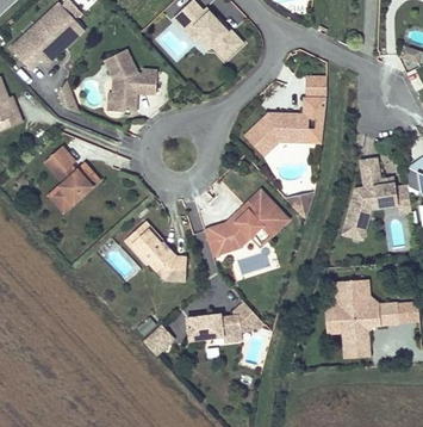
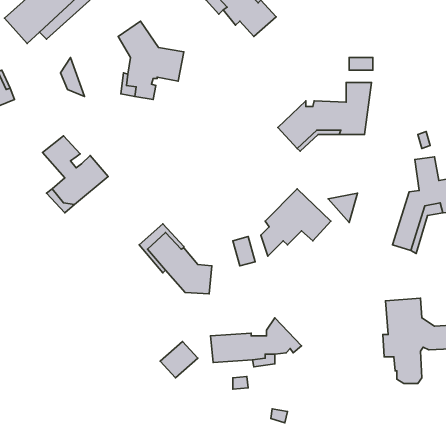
building: [205,216,253,250] -> none

